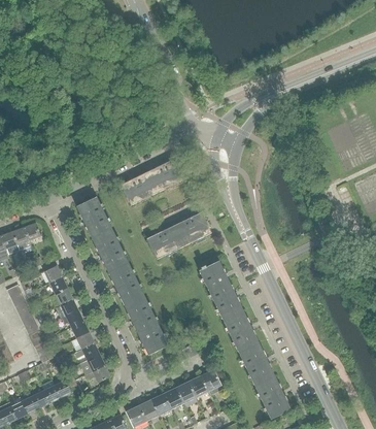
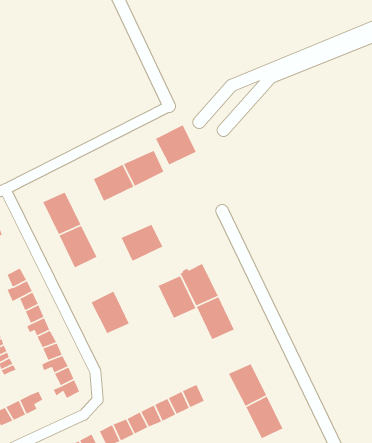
building: none -> [155,124,197,165]
building: [173,212,210,246] -> none
building: [104,256,139,296] -> none
building: [133,316,168,355] -> [157,275,197,319]
building: [227,321,262,360] -> none

